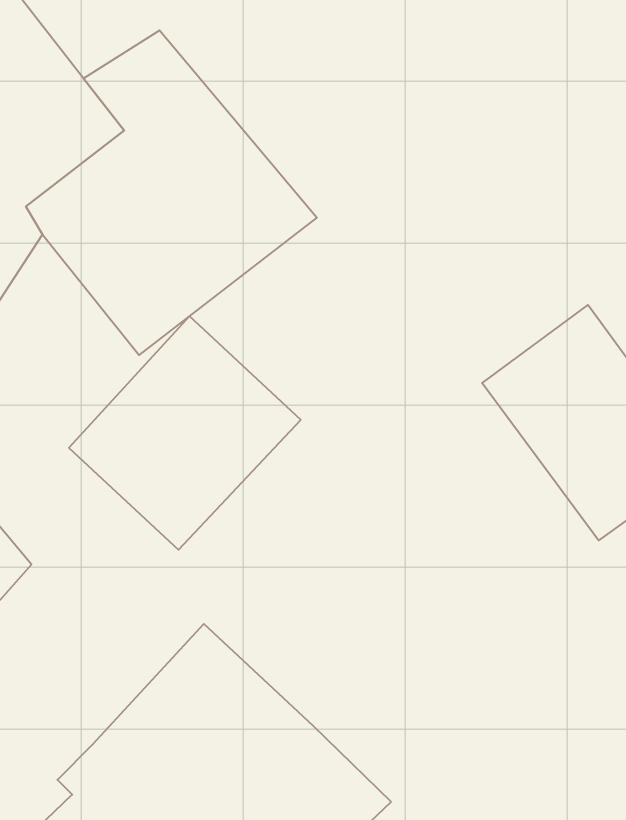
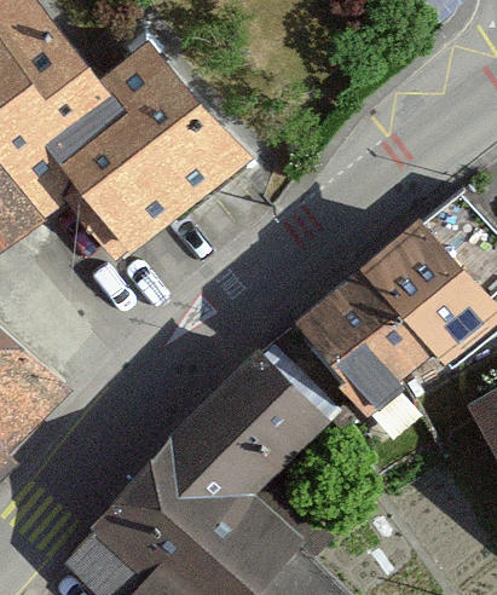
building: [69,316,301,550] -> [180,343,331,496]
building: none -> [293,272,438,426]

